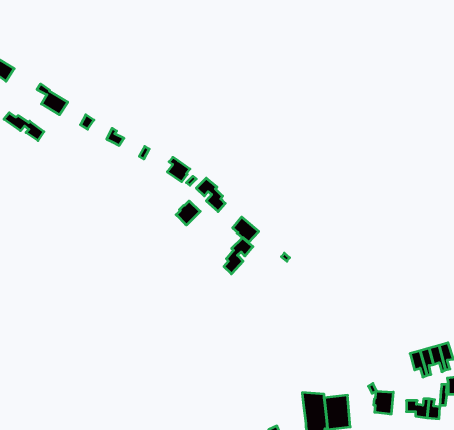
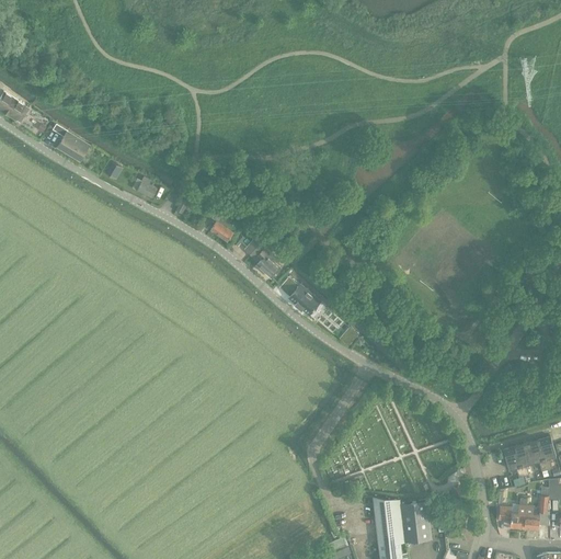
building: [4,113,44,141] -> none
building: [176,201,200,225] -> none
building: [224,238,253,274] -> none
building: [374,391,393,414] -> none

